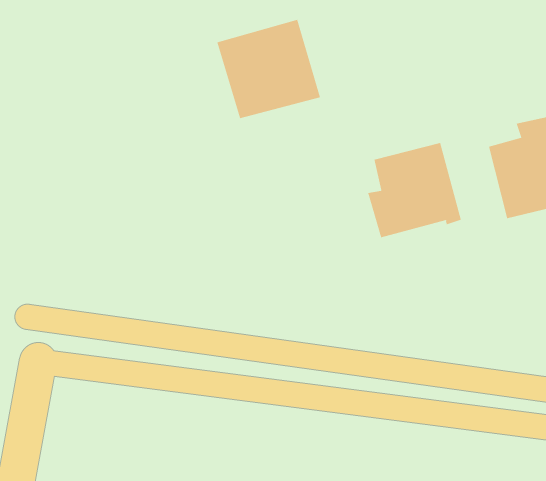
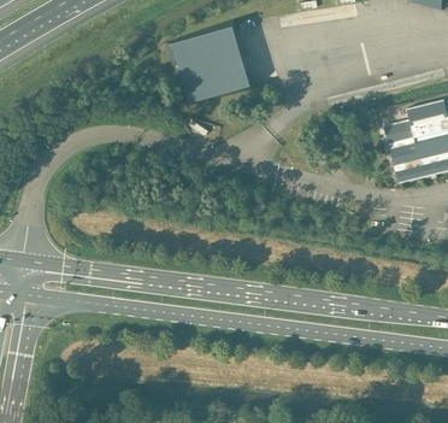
building: [367,142,462,238] -> none

